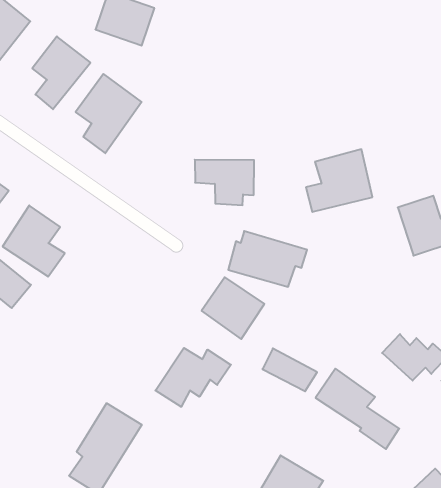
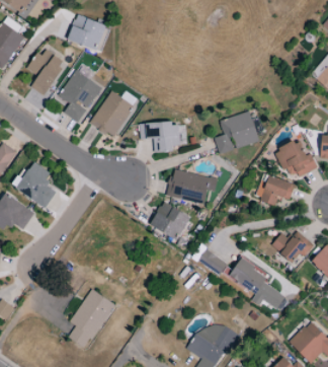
building: none -> [92,91,134,138]
building: none -> [255,176,295,204]
building: [155,348,231,407] -> none

